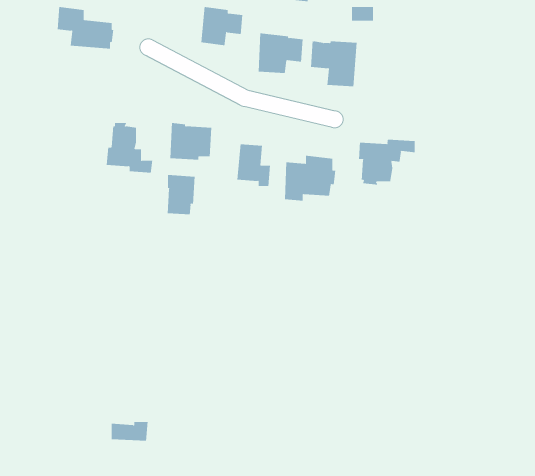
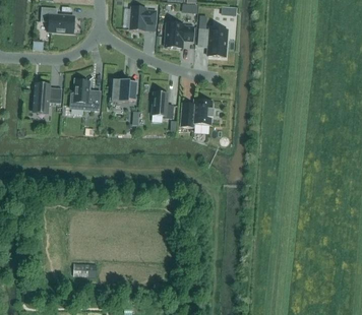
building: none -> [32,82,62,114]
building: [359,139,415,186] -> none
building: [167,174,195,215] -> none

